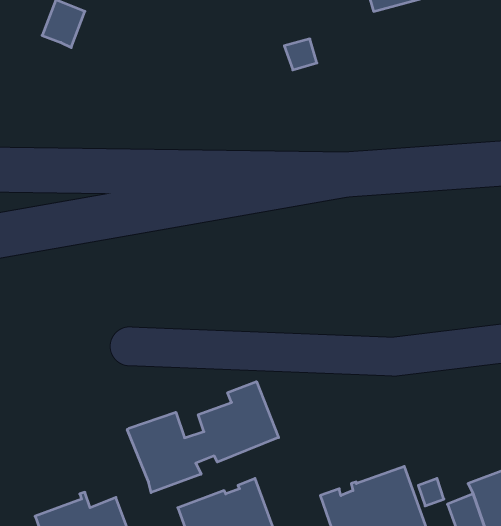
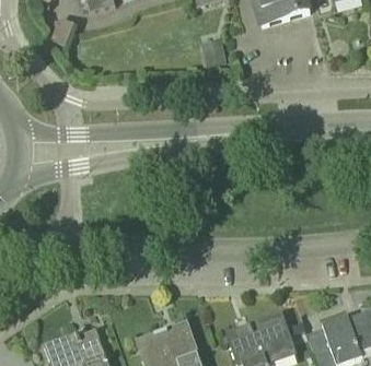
building: [127,382,279,493] -> none

